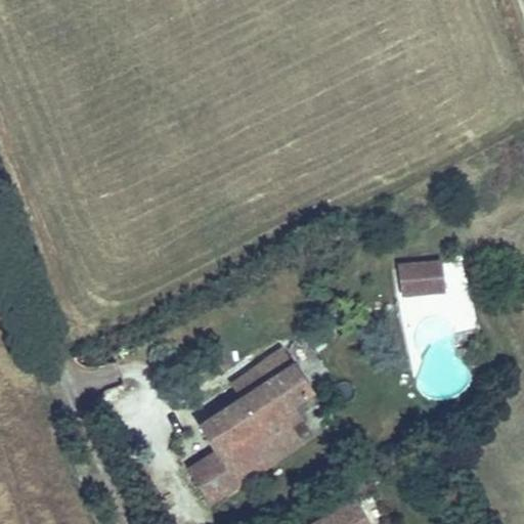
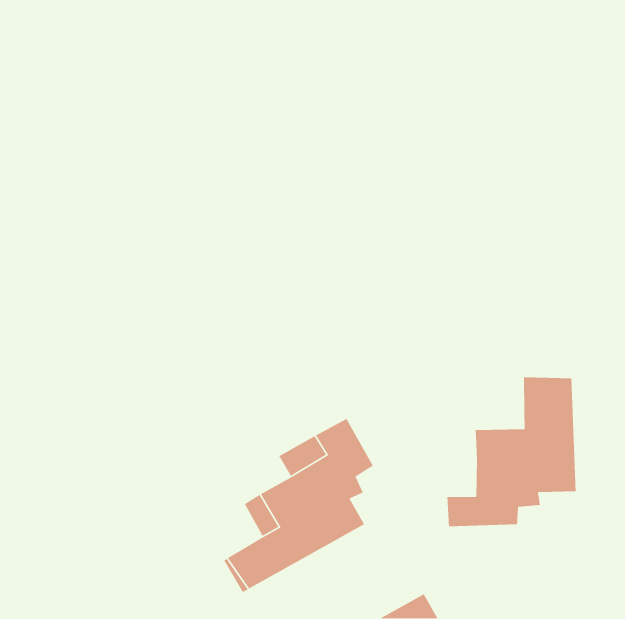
building: [397,265,436,294] -> none
building: none -> [446,377,576,527]

